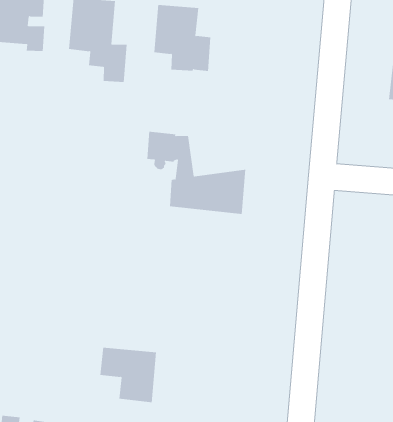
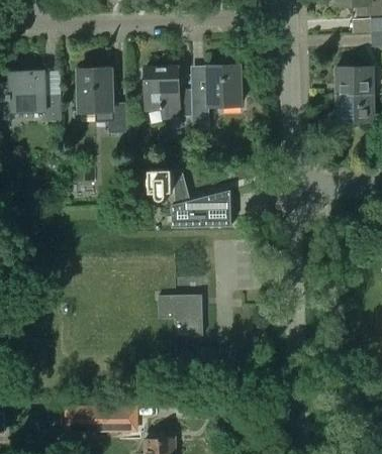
building: none -> [190,66,240,130]
building: [99,347,157,403] -> [157,295,201,335]

